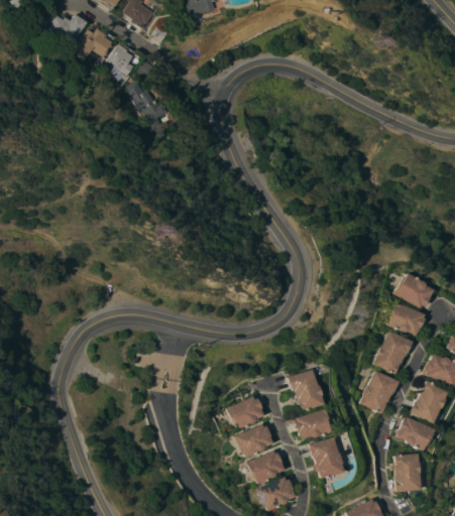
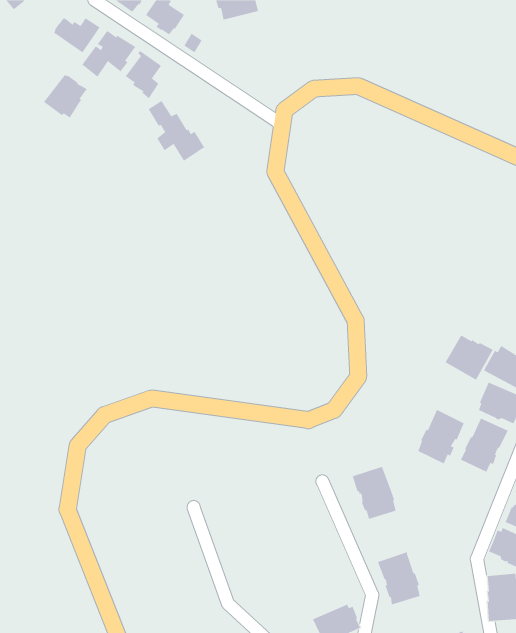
building: none -> [43,74,87,118]
building: none -> [445,334,493,380]
building: [362,370,400,413] -> [417,409,465,464]
building: [227,395,264,430] -> none
building: [295,408,330,439] -> none
building: [234,424,272,458] -> none
building: [243,449,286,484] -> none

